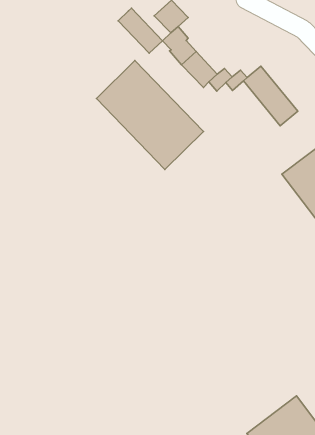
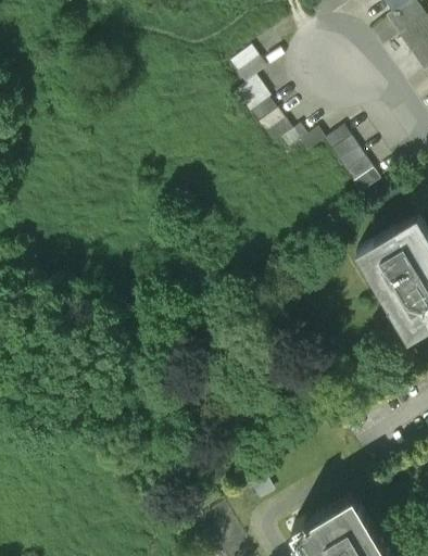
building: [118,8,163,53] -> none
building: [97,61,203,169] -> none

